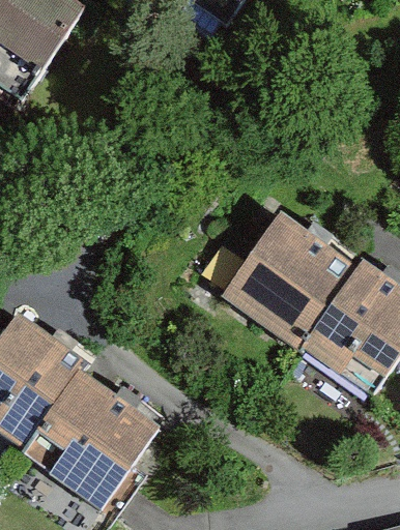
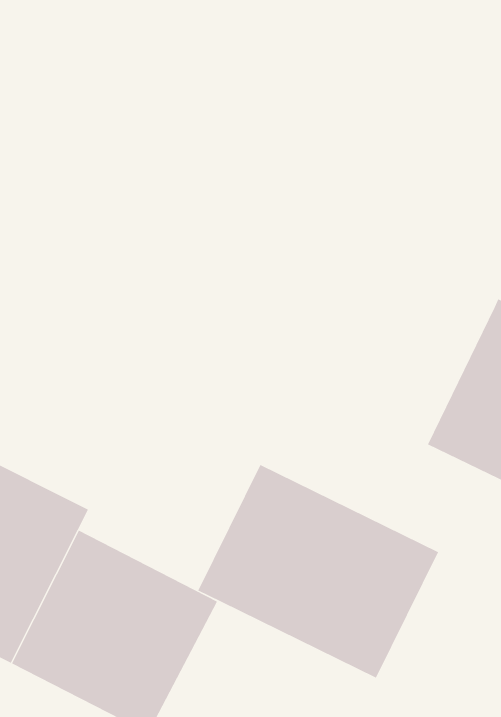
building: [225,214,355,345] -> none
building: none -> [197,464,439,678]

